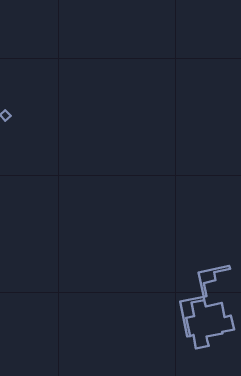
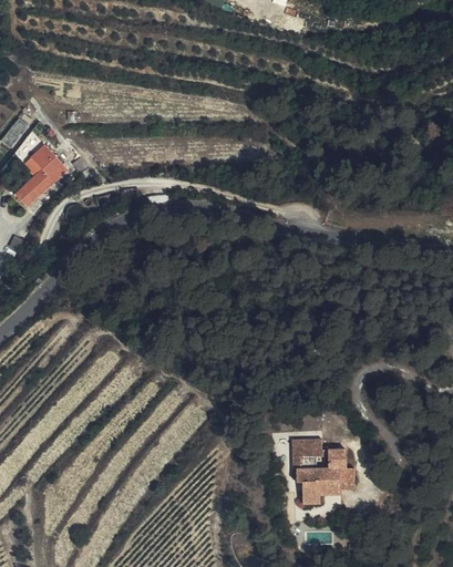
building: [199,266,230,297] -> none

